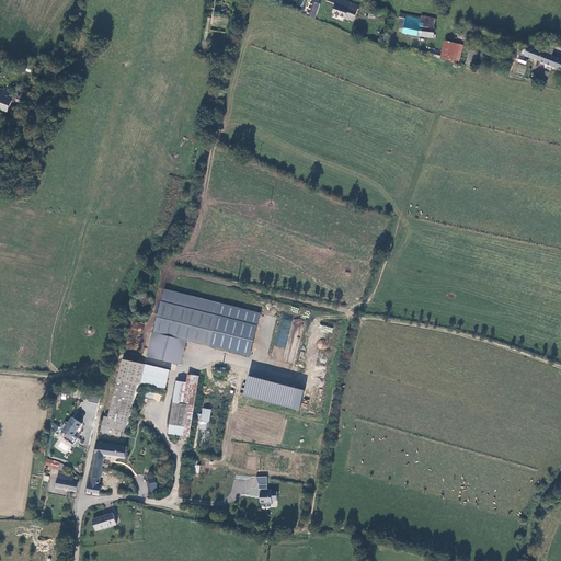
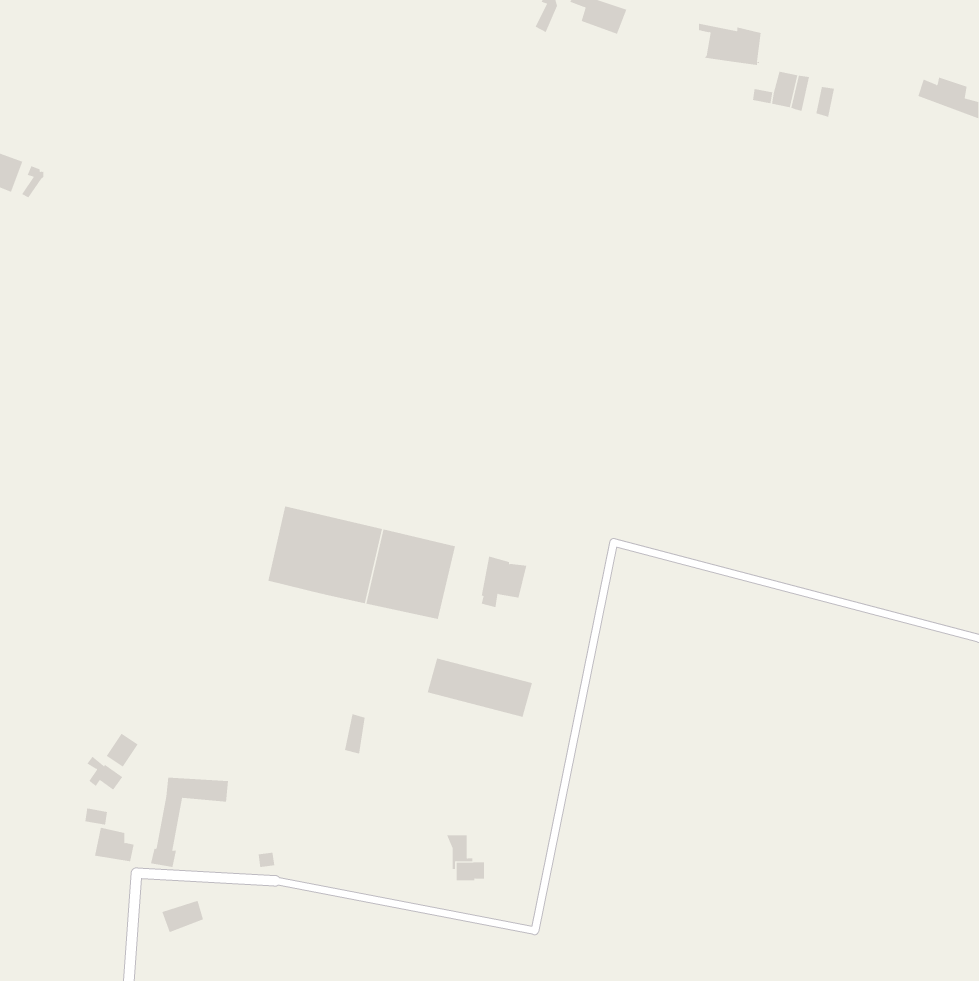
building: [147,331,184,364] -> none
building: [100,358,169,434] -> none
building: [168,374,197,435] -> none

